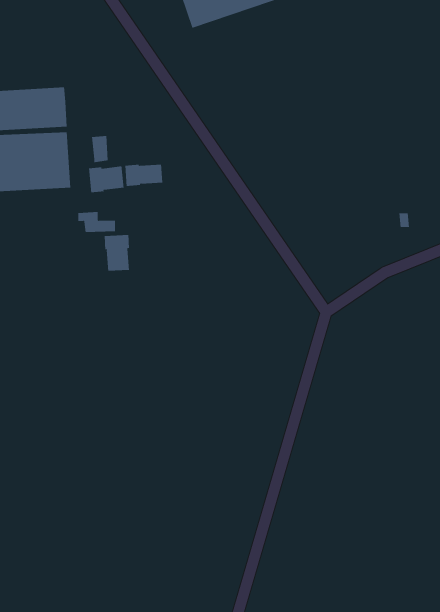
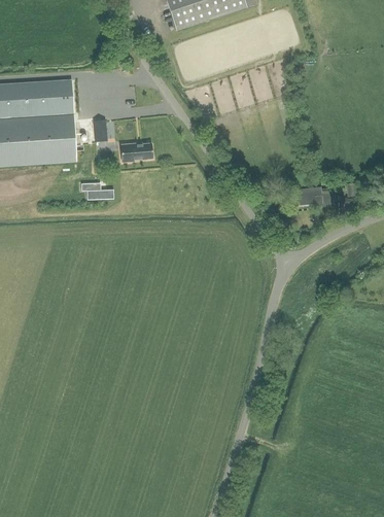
building: [88,166,124,193] -> none
building: none -> [299,185,334,206]
building: [104,234,130,272] -> none

